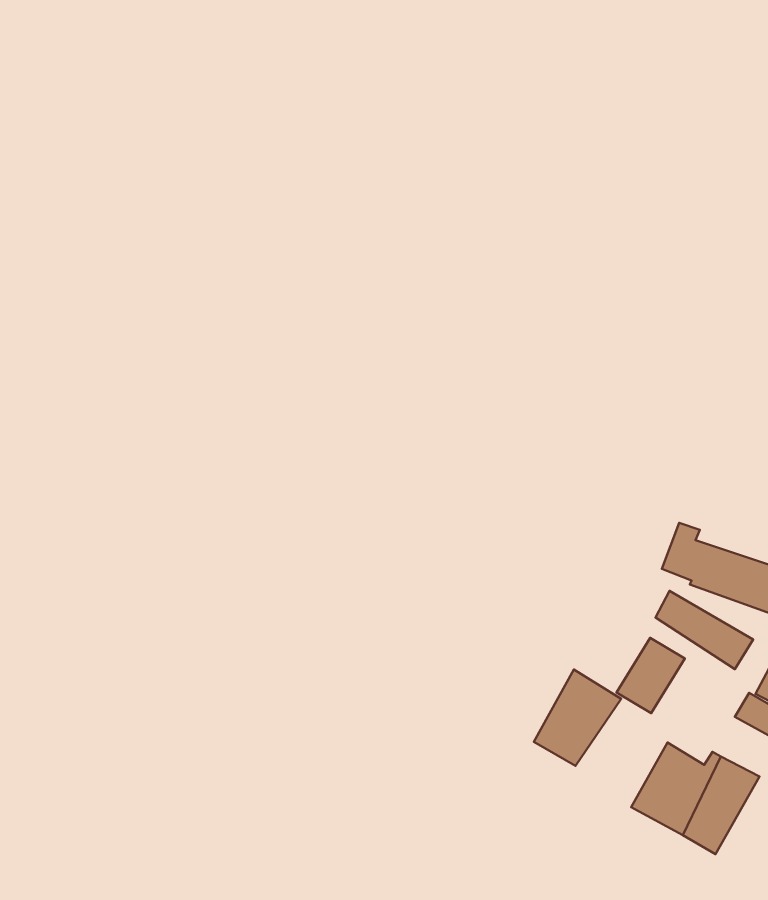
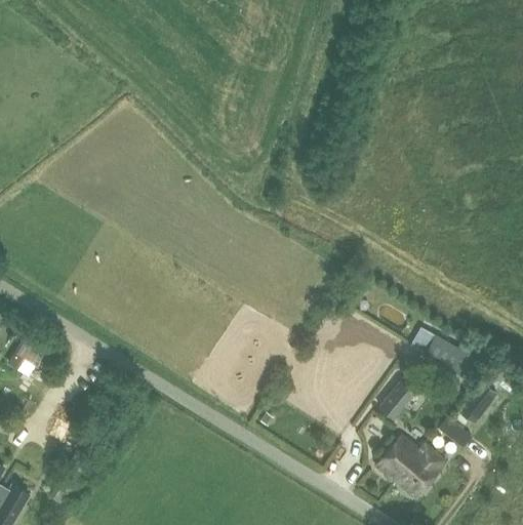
building: [655,591,753,669] -> none
building: [534,670,621,766] -> none

